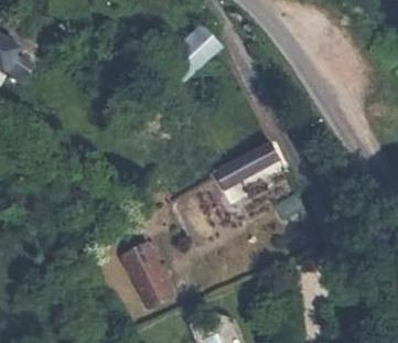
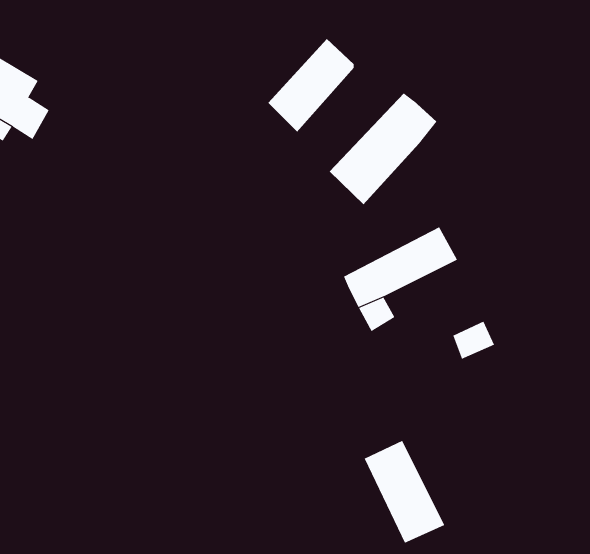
building: none -> [329,92,437,205]
building: [123,240,172,302] -> [364,440,445,543]

